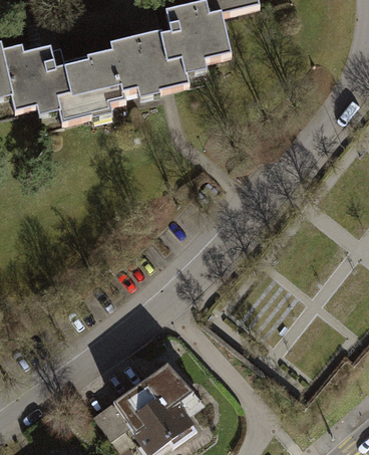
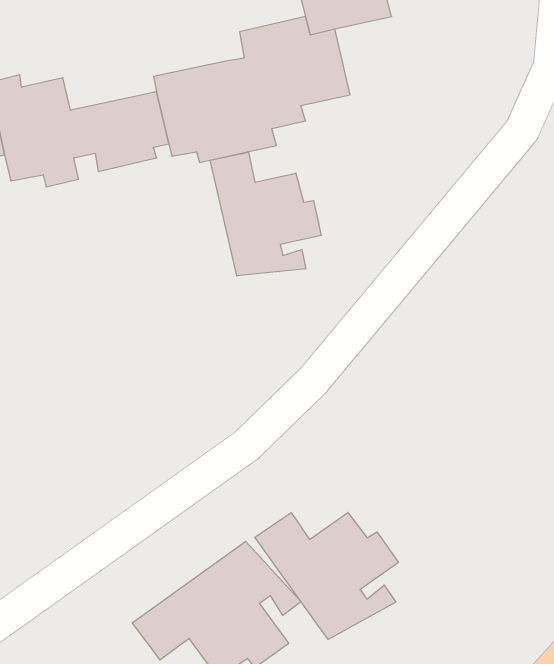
building: none -> [210,152,321,276]
building: none -> [255,512,398,639]

